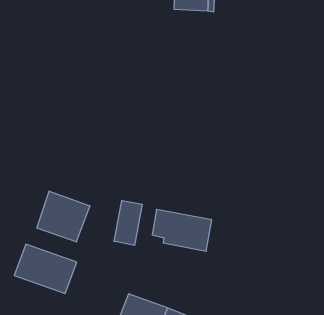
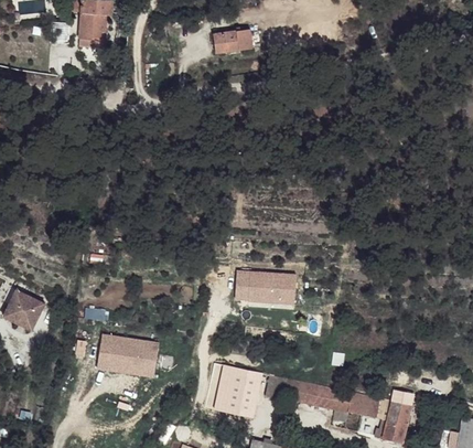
building: [37,191,90,242] -> none
building: [114,200,142,245] -> none

